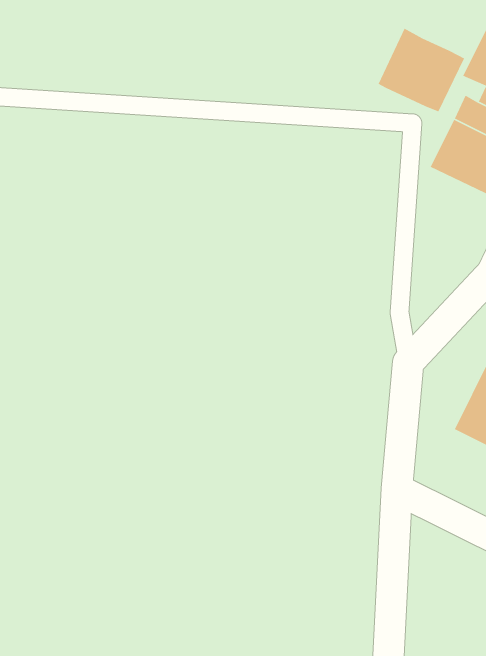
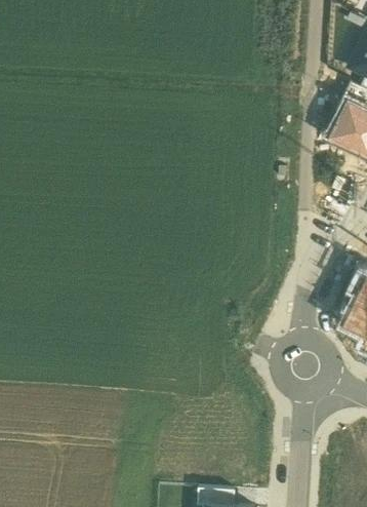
building: [377,28,465,113] -> none

